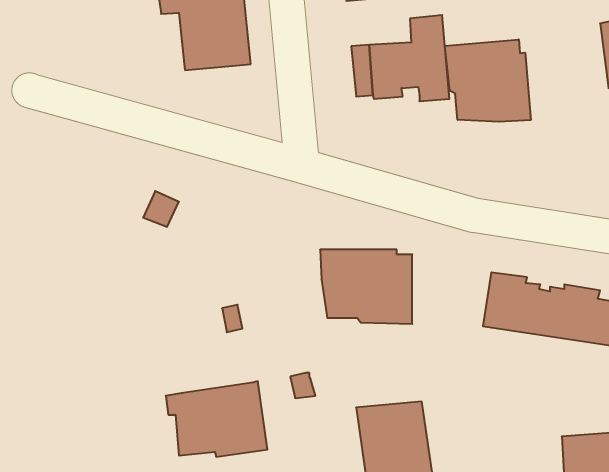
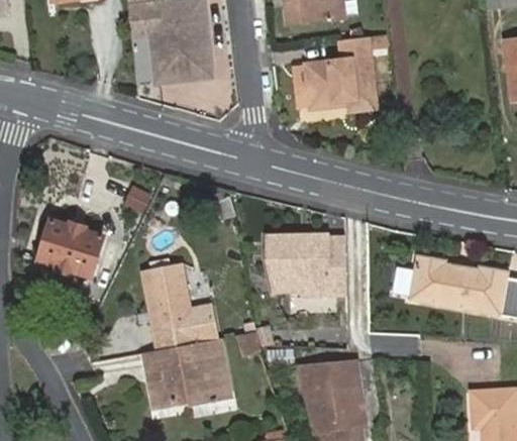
building: [445,39,531,122] -> none
building: none -> [37,220,102,277]
building: none -> [141,269,214,355]

